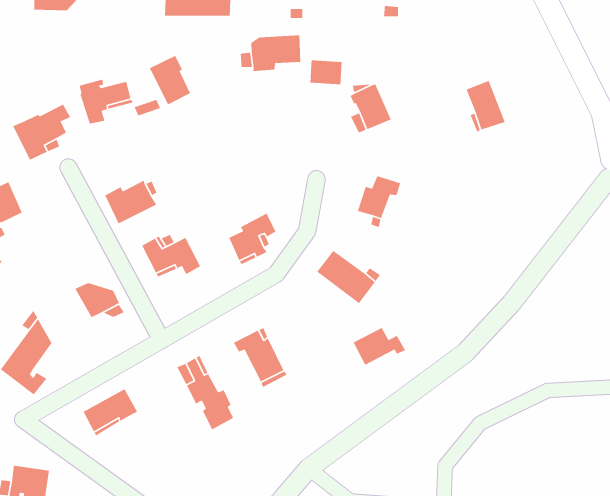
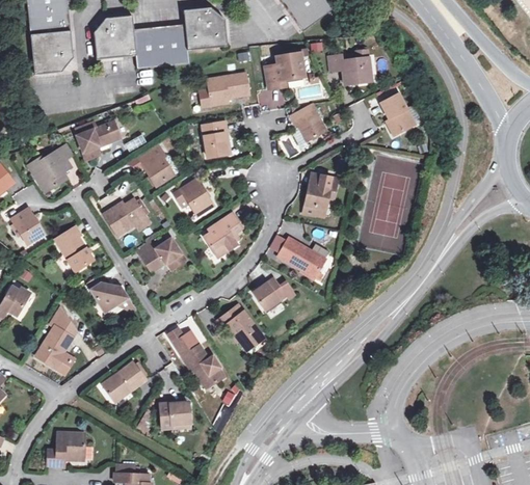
building: none -> [263,53,300,87]
building: none -> [327,52,369,80]
building: [149,55,191,106] -> [138,145,174,186]
building: none -> [202,120,227,156]
building: none -> [175,180,214,216]
building: none -> [54,226,92,271]
building: [353,327,406,366] -> [255,277,297,309]
building: none -> [162,402,190,428]

